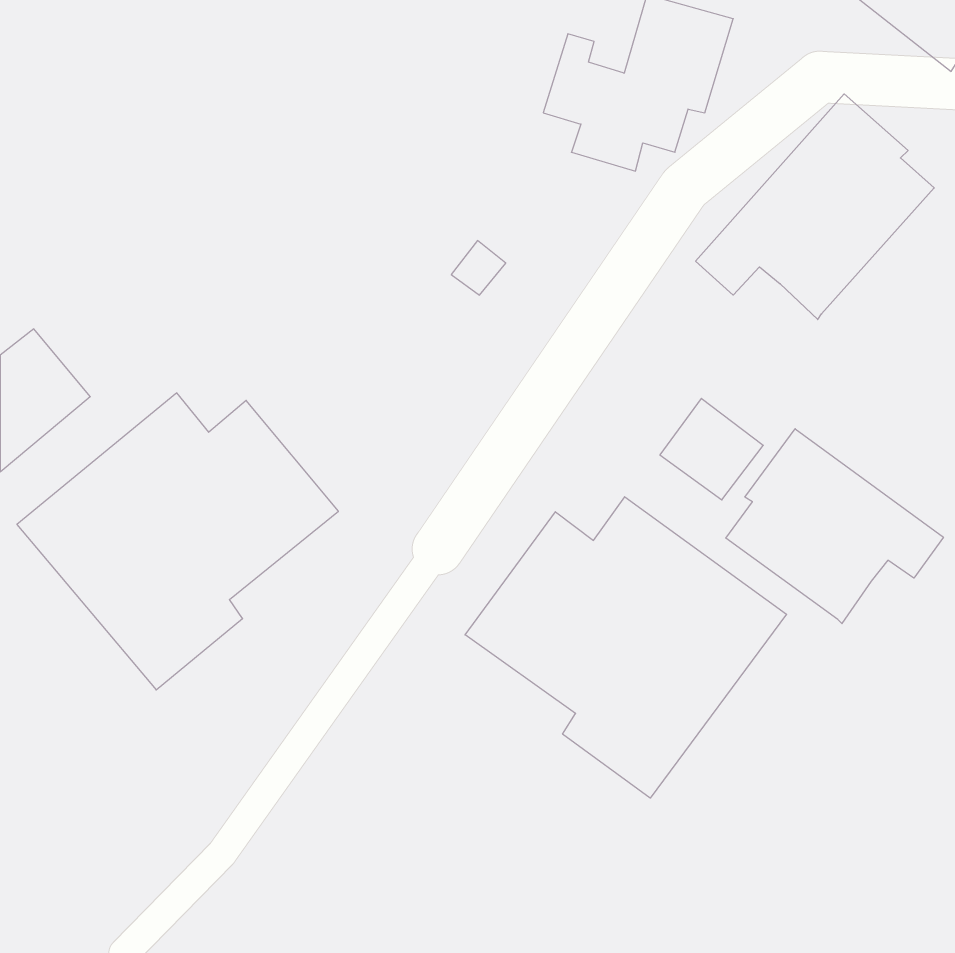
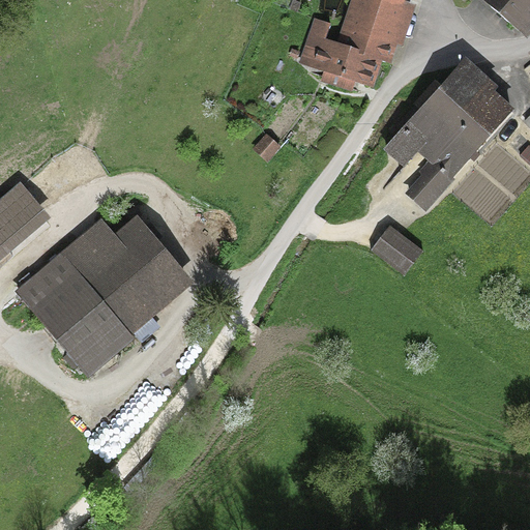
building: none -> [408,156,459,208]
building: [726,429,943,624] -> none
building: [465,497,787,798] -> none

